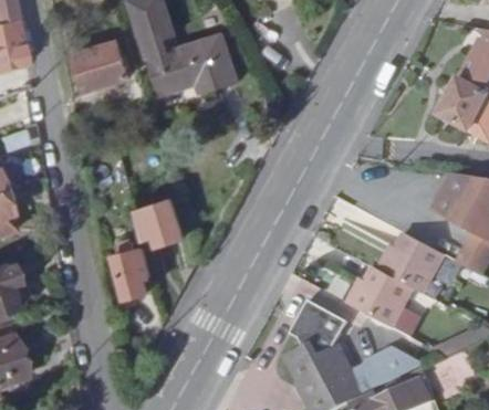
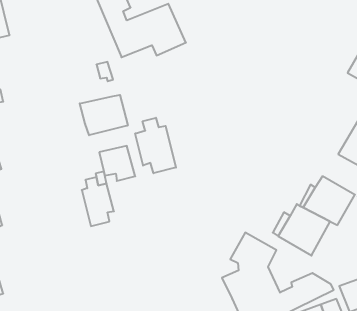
building: [77,39,125,84] -> none
building: none -> [80,95,128,135]
building: none -> [135,118,176,173]

